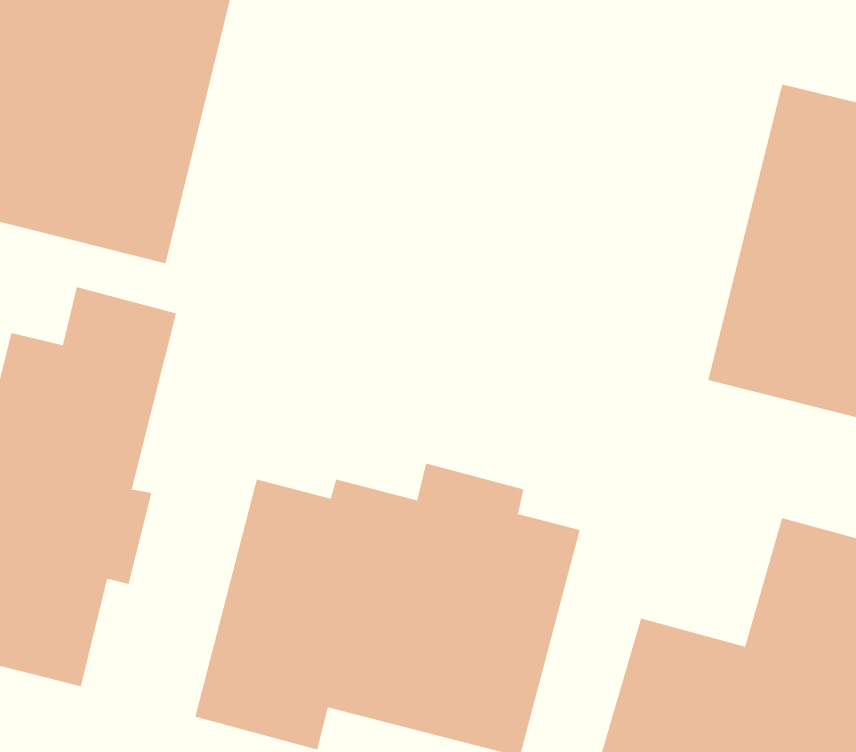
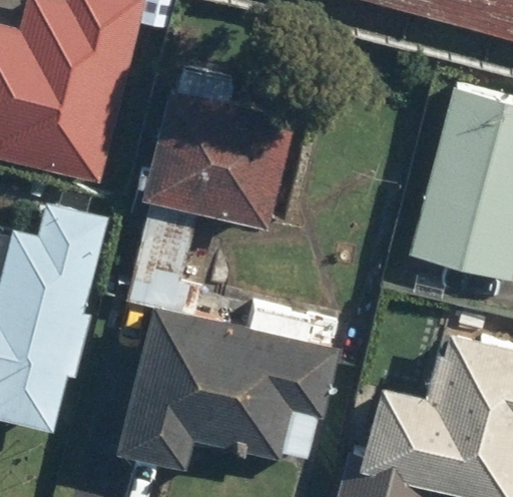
building: none -> [132,82,298,229]

